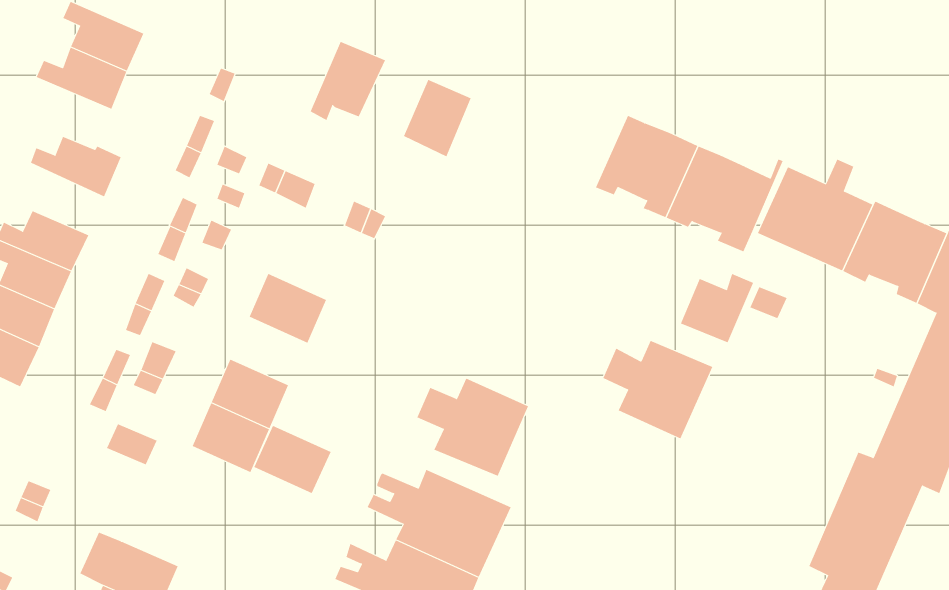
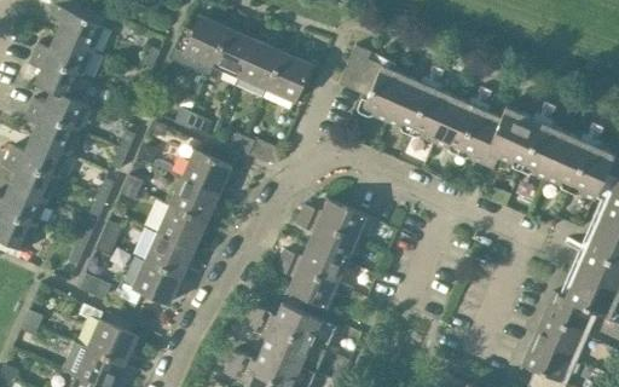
building: none -> [173,18,226,75]
building: none -> [238,42,282,91]
building: none -> [337,45,409,123]
building: none -> [28,53,81,99]
building: none -> [24,108,76,154]
building: none -> [180,150,231,195]
building: [680,273,754,343] -> none
building: [603,340,713,439] -> [296,200,366,262]
building: [253,425,331,494] -> [156,206,206,249]
building: none -> [87,319,137,364]

